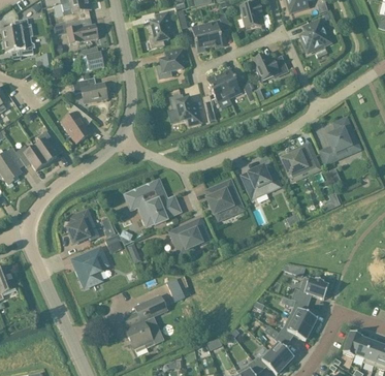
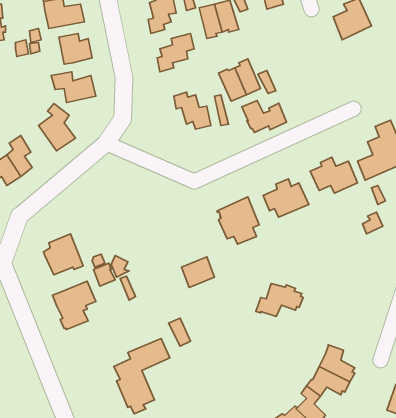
building: [252,54,288,80] -> [242,100,287,132]
building: [128,182,179,224] -> none
building: [291,277,329,304] -> [256,283,303,317]

